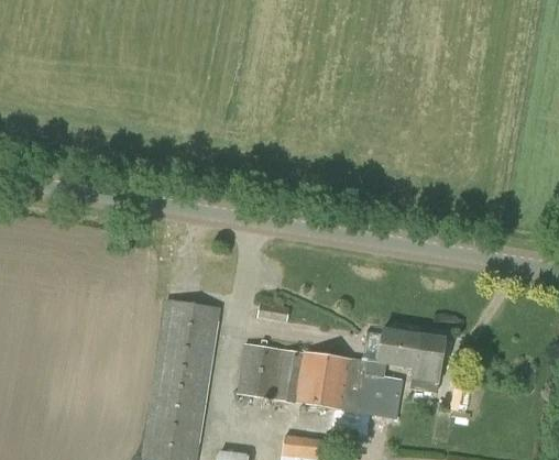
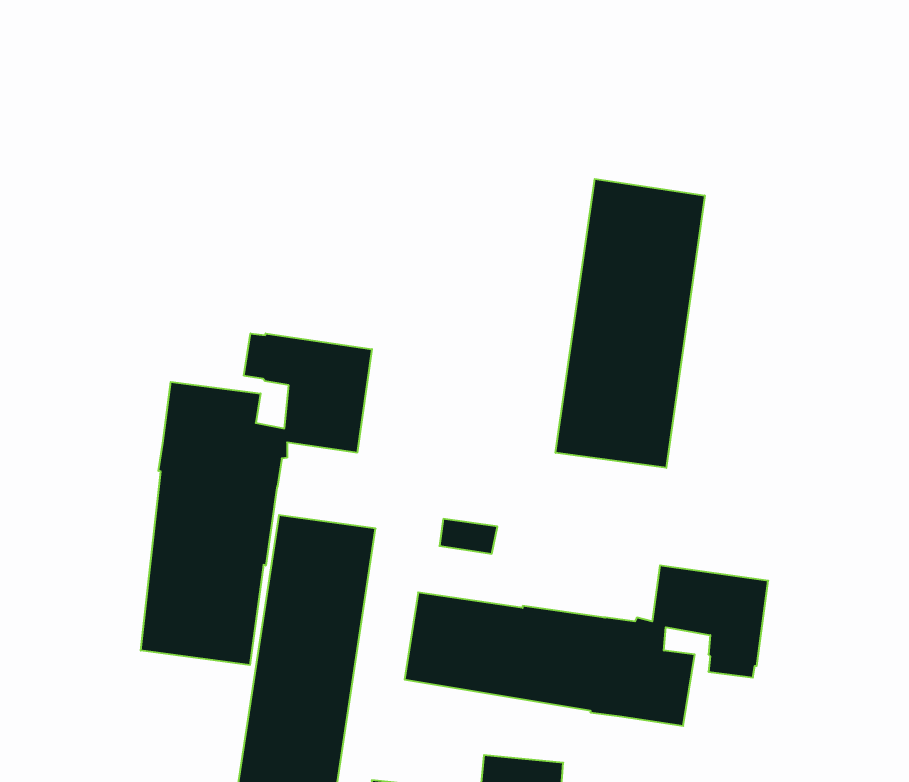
building: none -> [556,179,705,468]
building: none -> [141,333,372,665]

